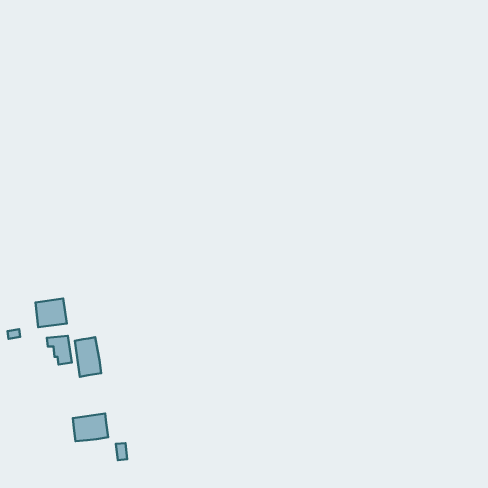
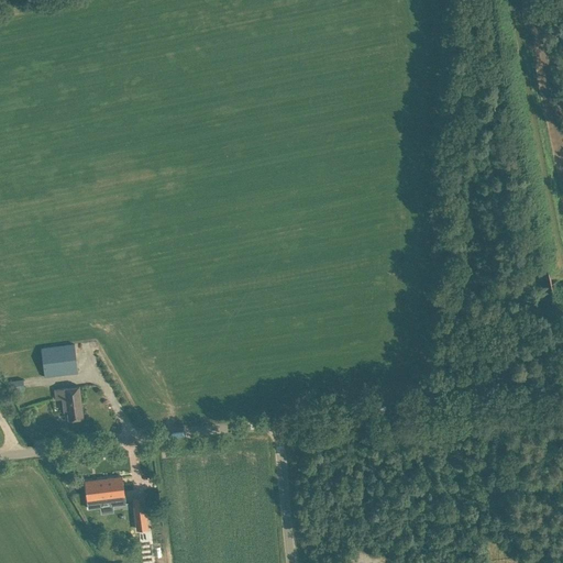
building: [75,337,101,377] -> none

